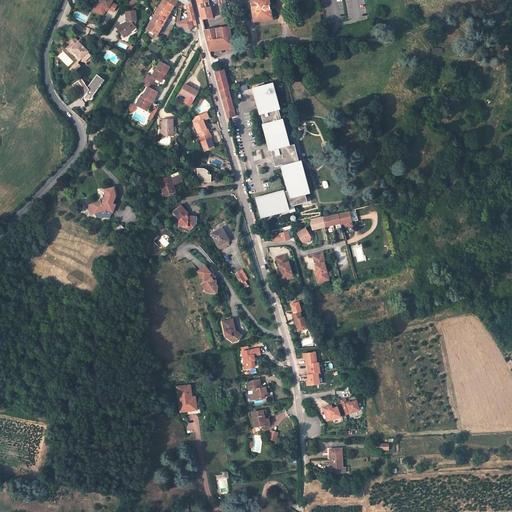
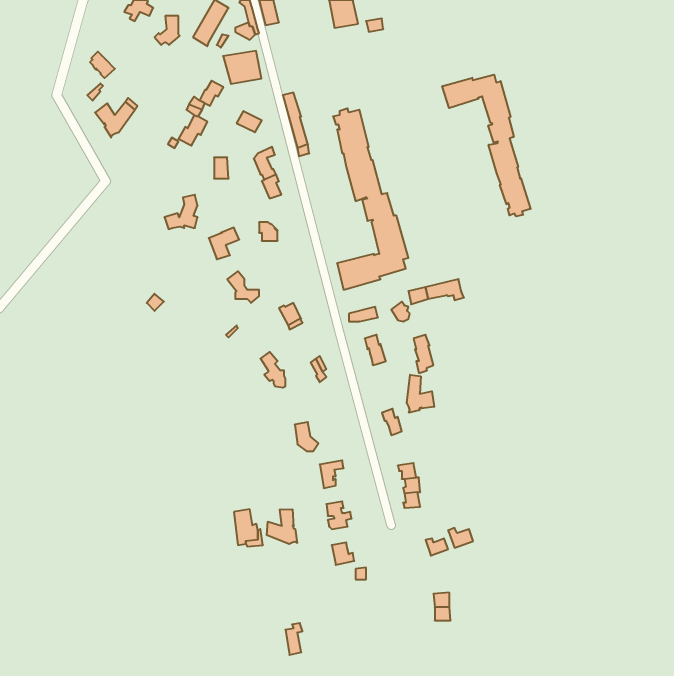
building: [203,26,232,51] -> [223,51,261,84]
building: none -> [442,75,531,216]
building: [90,187,115,213] -> [164,195,198,229]
building: none -> [407,375,434,413]
building: none -> [267,509,297,544]

